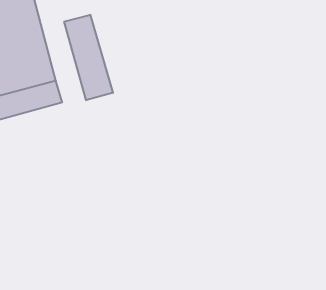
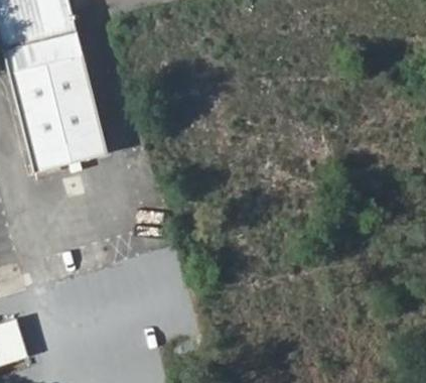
building: [64,15,113,100] -> none

